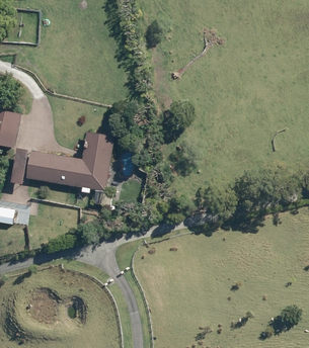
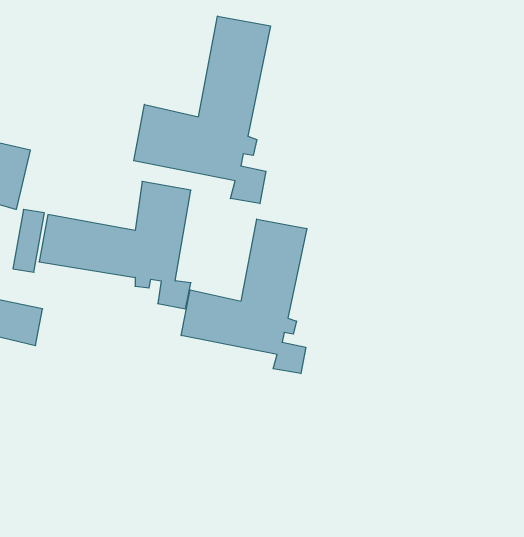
building: none -> [134,16,270,204]
building: none -> [181,219,307,374]

